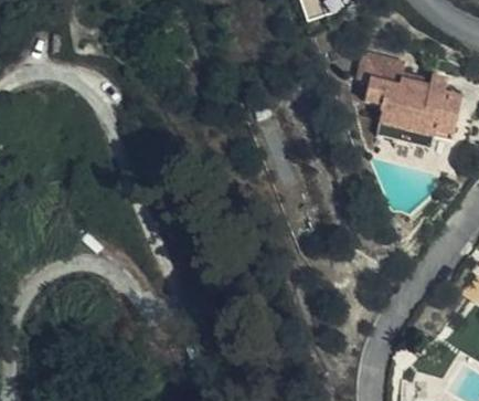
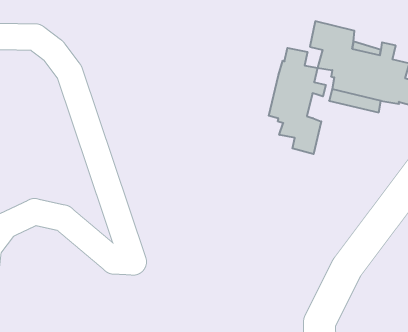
building: none -> [269,48,326,154]

